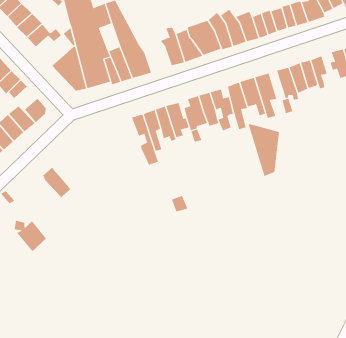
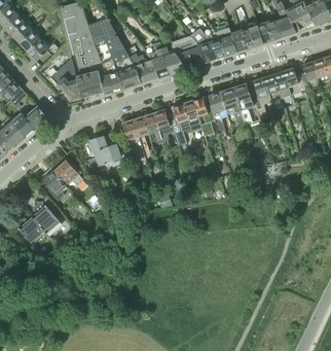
building: none -> [128,54,157,83]
building: [248,124,279,177] -> none
building: none -> [83,133,120,167]
building: none -> [52,161,83,186]
building: none -> [32,201,59,233]

